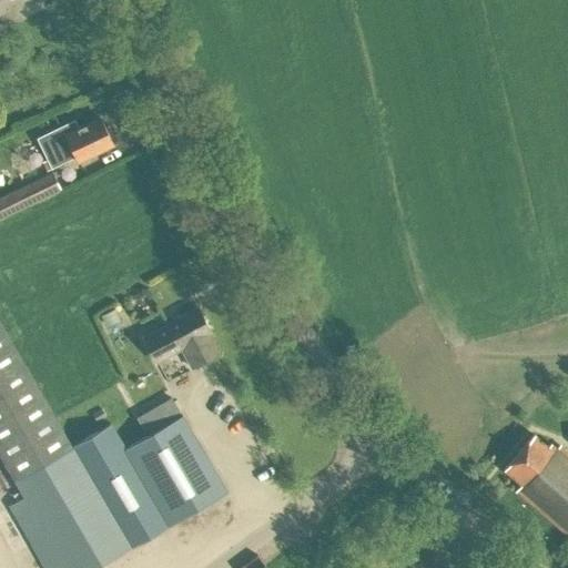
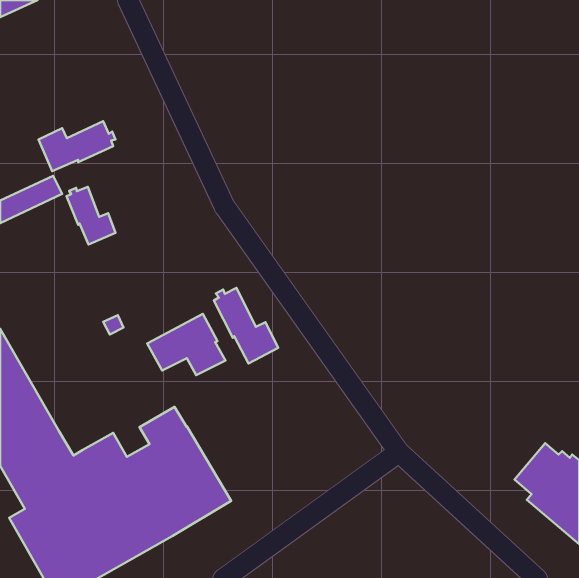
building: none -> [67,187,116,245]
building: none -> [214,288,278,364]

